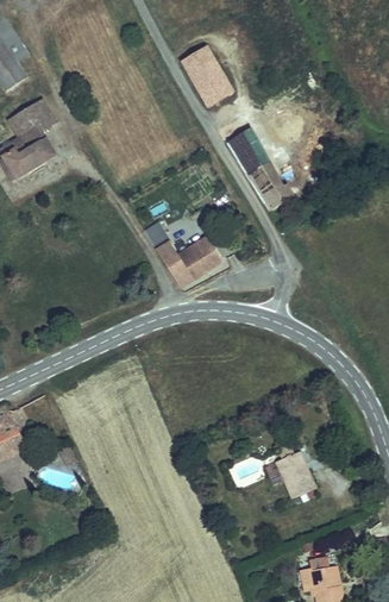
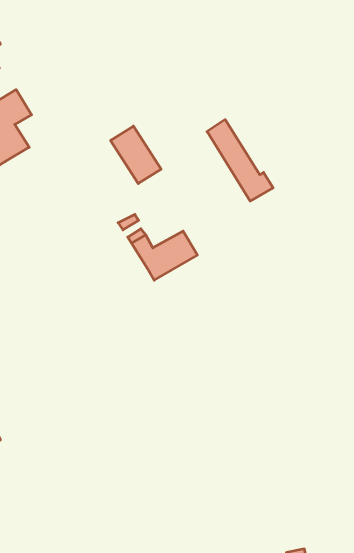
building: [181,48,231,105] -> [111,126,161,184]
building: [272,445,315,498] -> none

